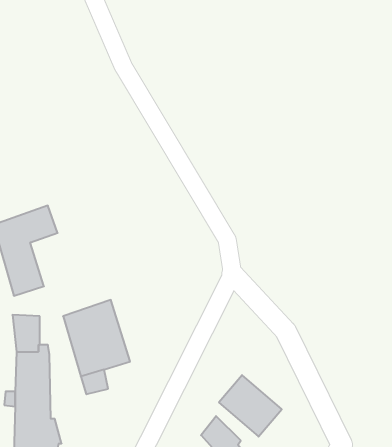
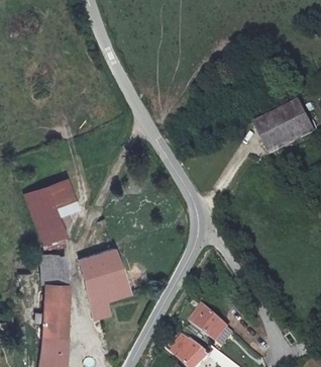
building: none -> [255,100,315,155]

